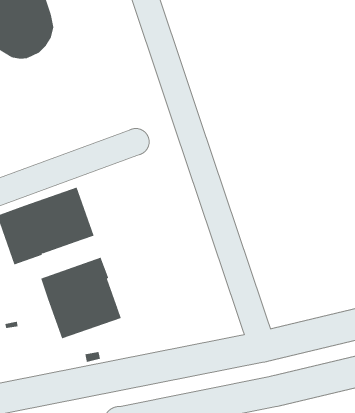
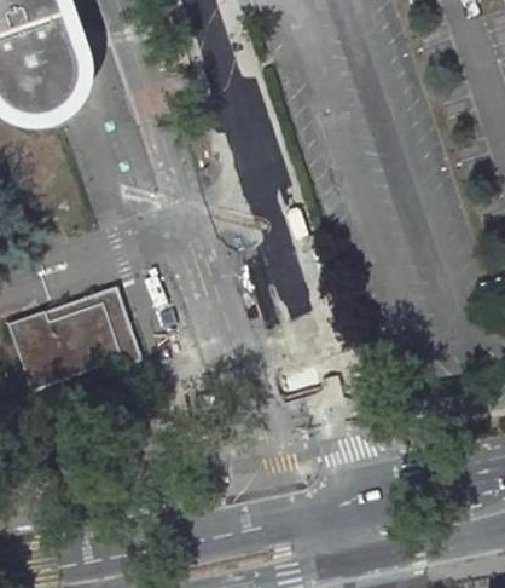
building: [40,257,122,339] -> none

